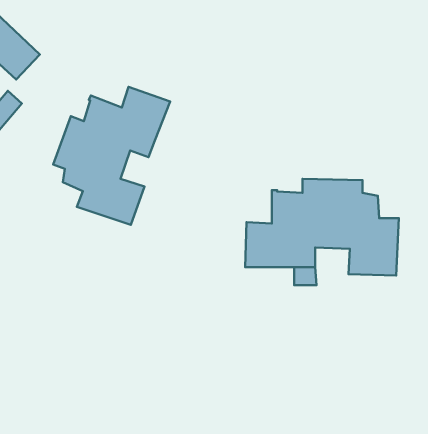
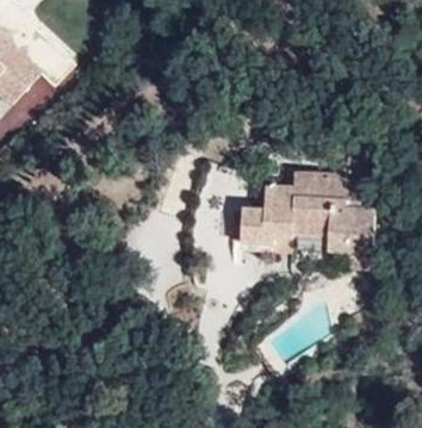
building: [53,87,170,225] -> none

